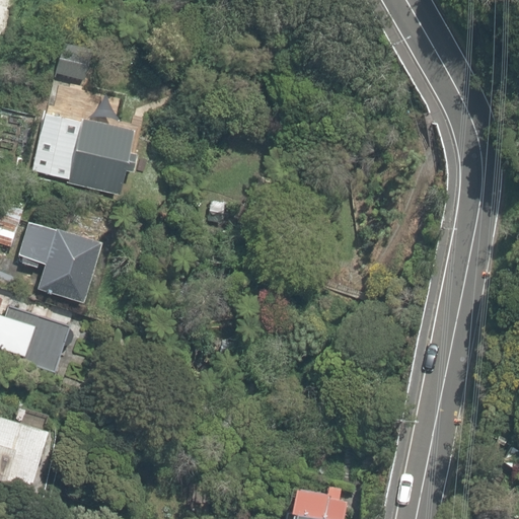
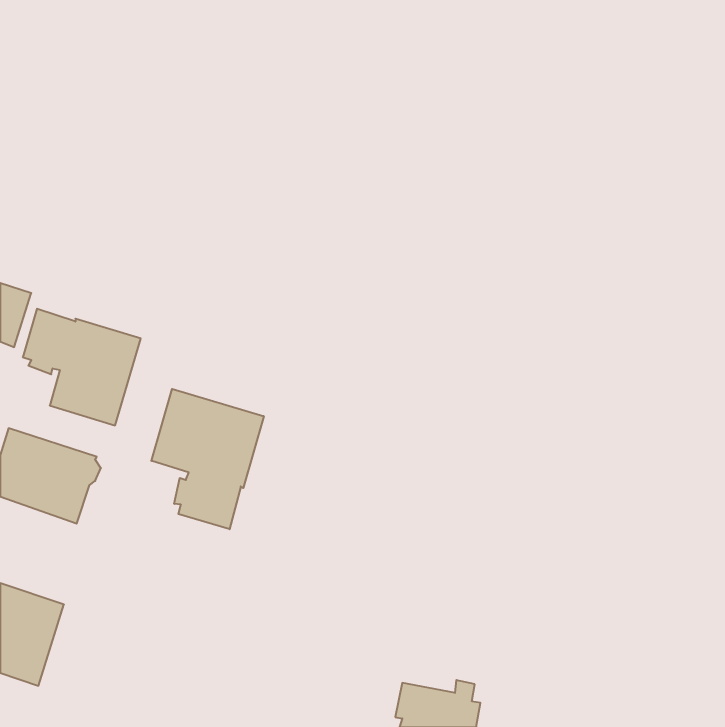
building: [32,42,137,195] -> none
building: none -> [151,389,264,529]

